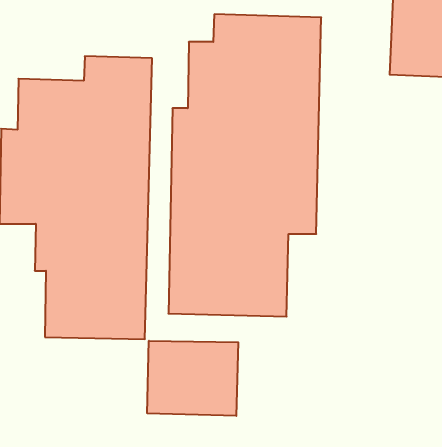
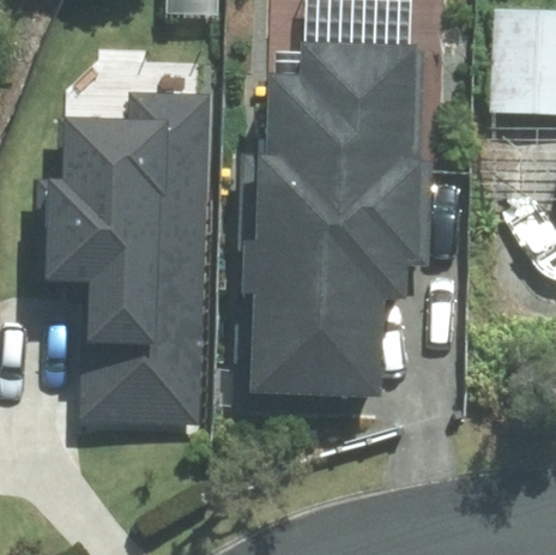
building: [147,341,238,416] -> none

